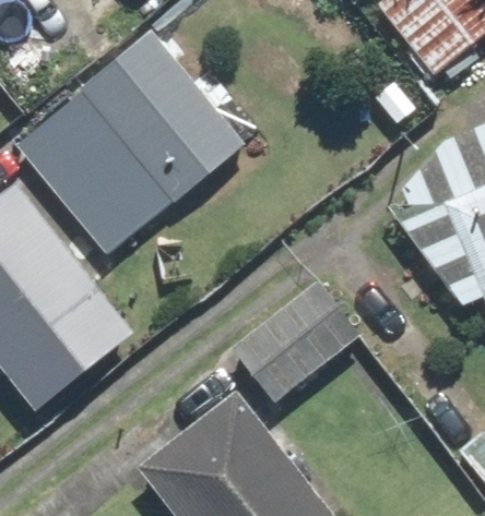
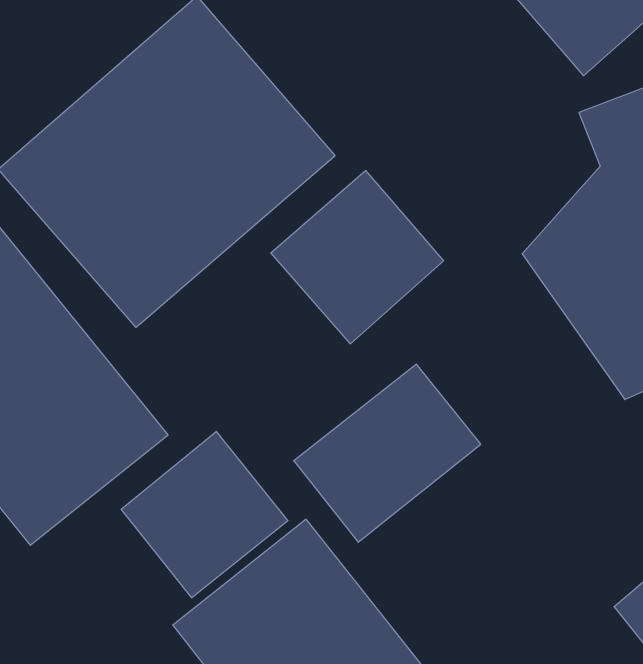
building: none -> [271,171,443,344]
building: none -> [121,431,288,598]

